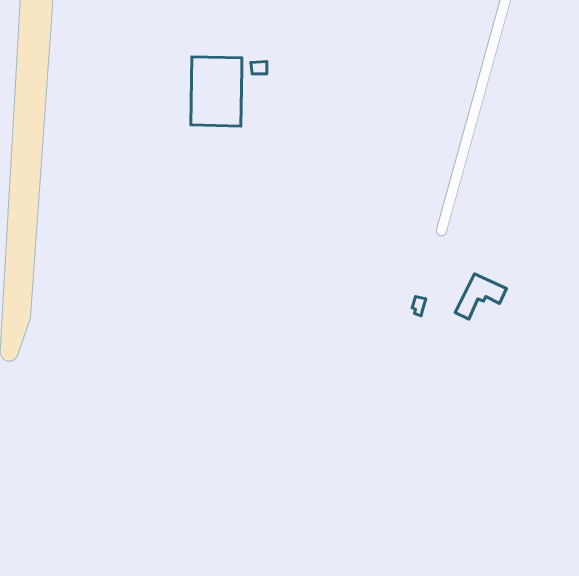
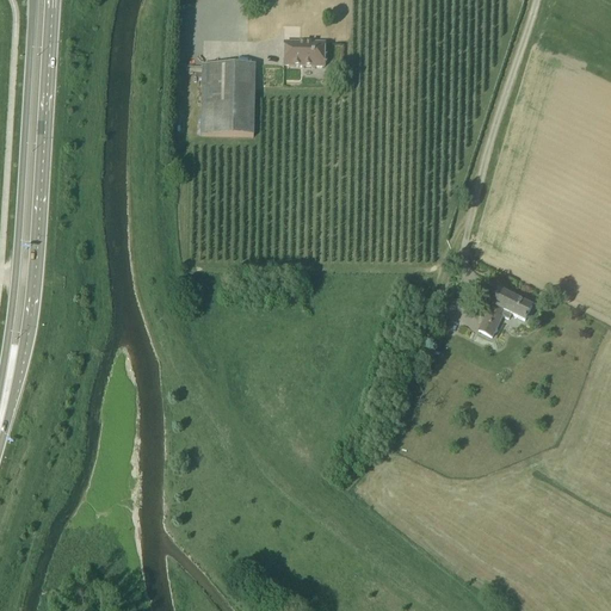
building: none -> [284,39,325,63]

